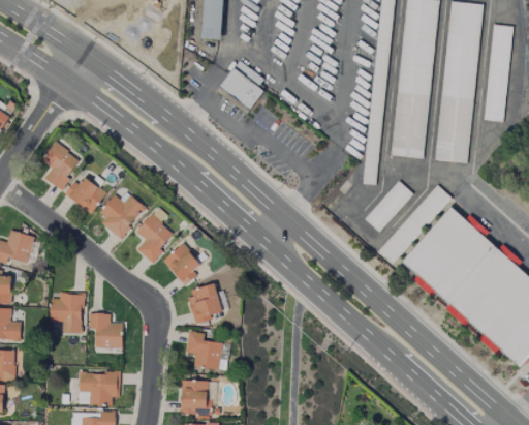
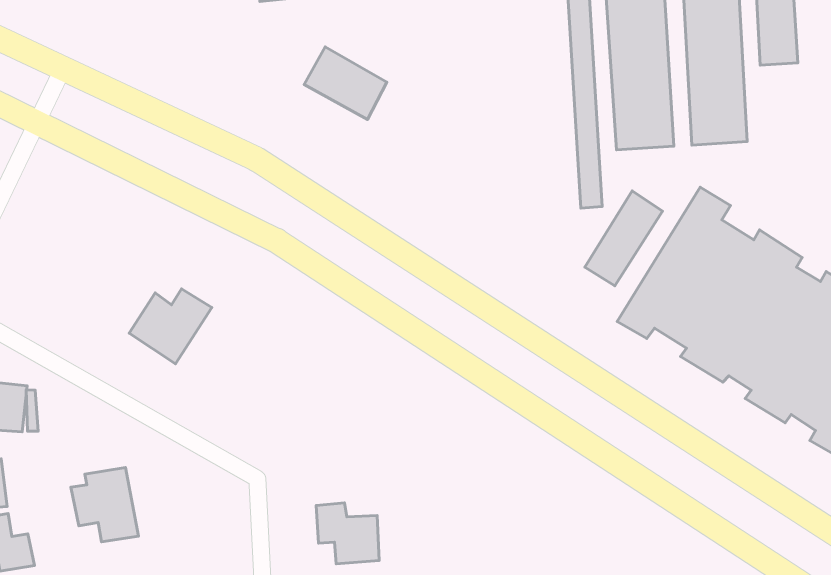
building: [35,142,79,189] -> none
building: [66,174,106,213] -> none
building: [135,206,173,263] -> none
building: [162,243,203,283] -> none
building: [187,283,221,323] -> none
building: [88,312,122,347] -> none

